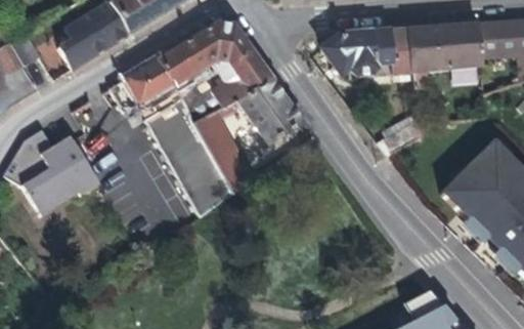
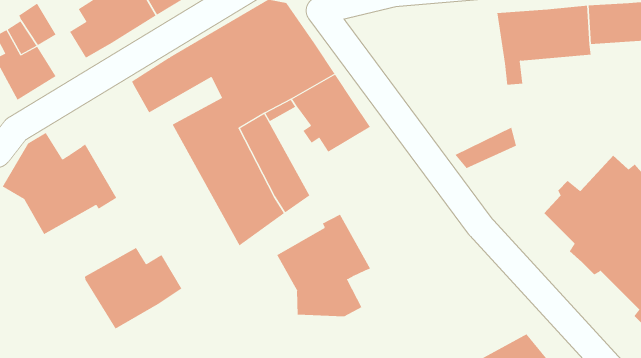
building: [321,31,410,76] -> none
building: none -> [276,214,371,317]
building: none -> [84,247,182,330]

